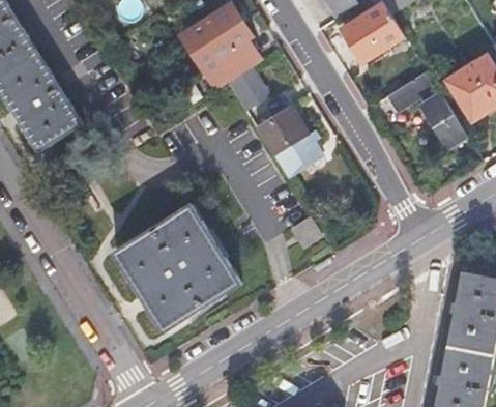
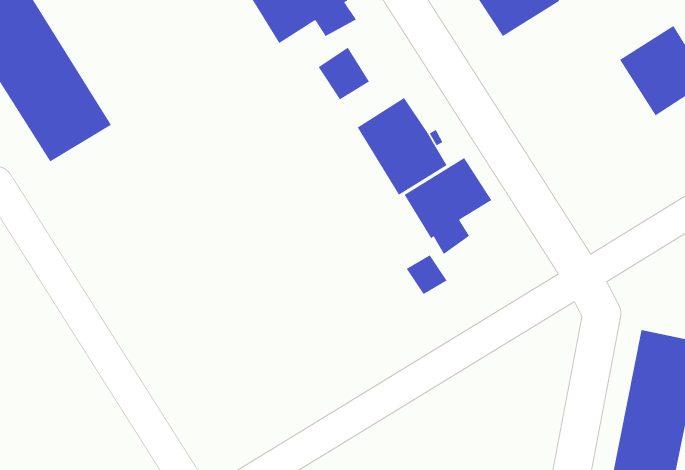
building: [390,69,467,145] -> none
building: none -> [404,157,492,255]
building: [115,205,242,332] -> none

